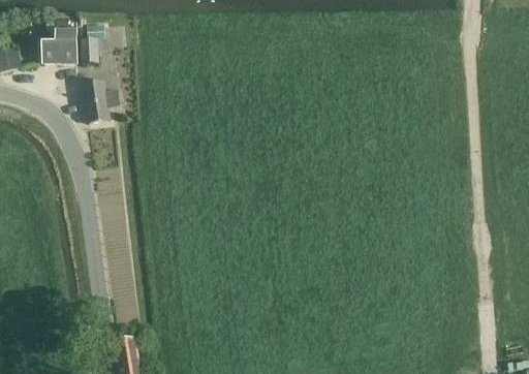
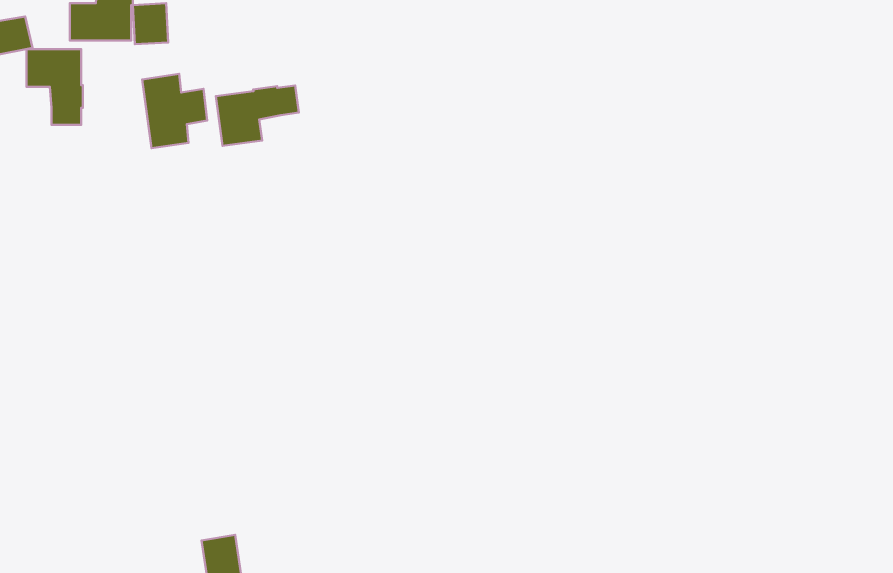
building: none -> [27,49,83,125]
building: none -> [216,85,299,146]

